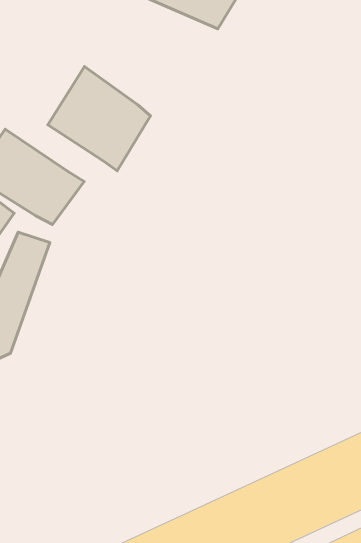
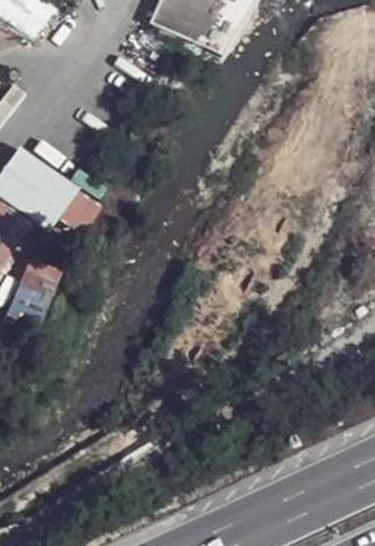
building: [48,66,151,171] -> none

